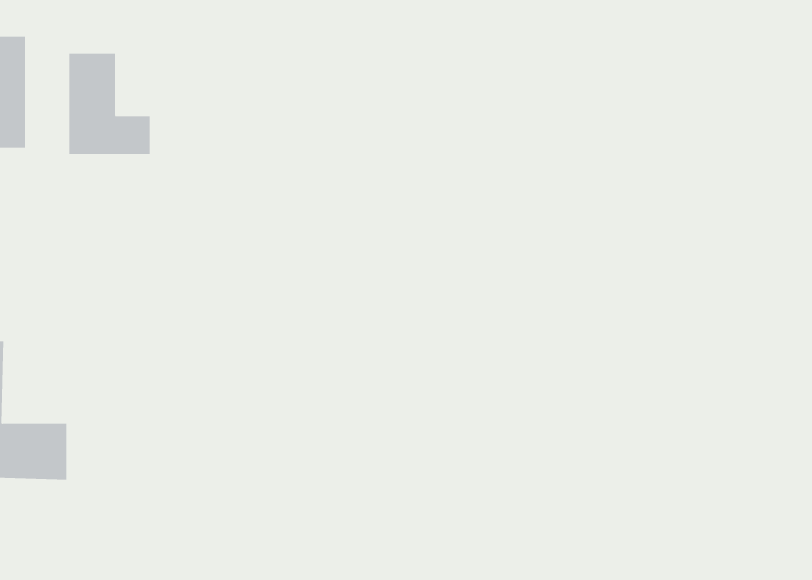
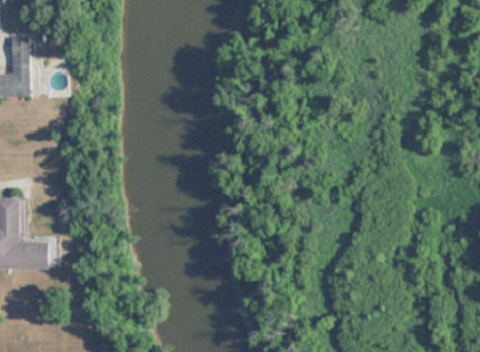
building: [69,53,150,155] -> none

